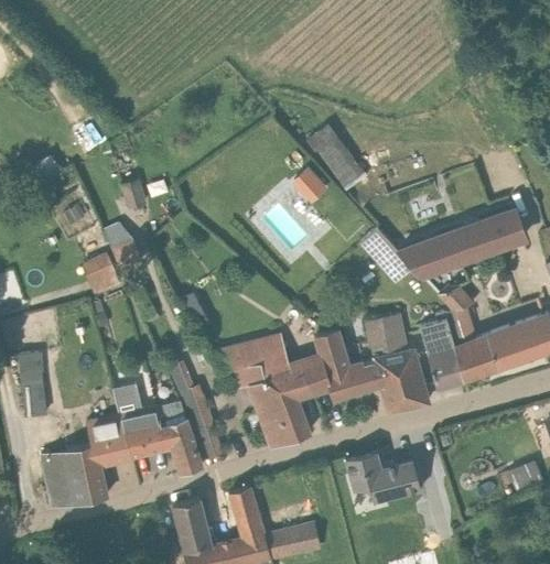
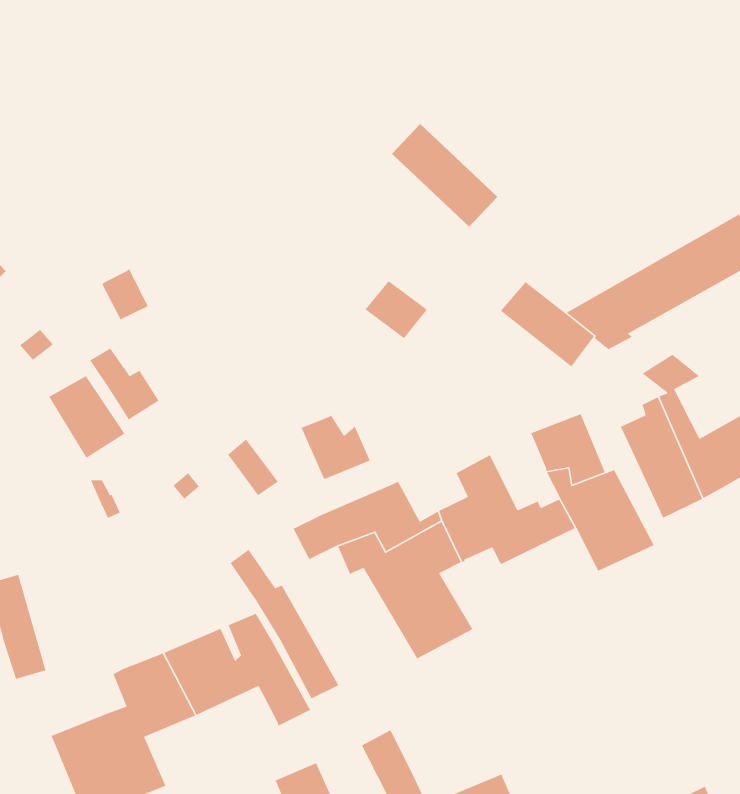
building: [293,165,332,203] -> [364,280,428,339]
building: none -> [300,414,371,480]
building: [116,381,144,413] -> none
building: [346,453,421,507] -> none

